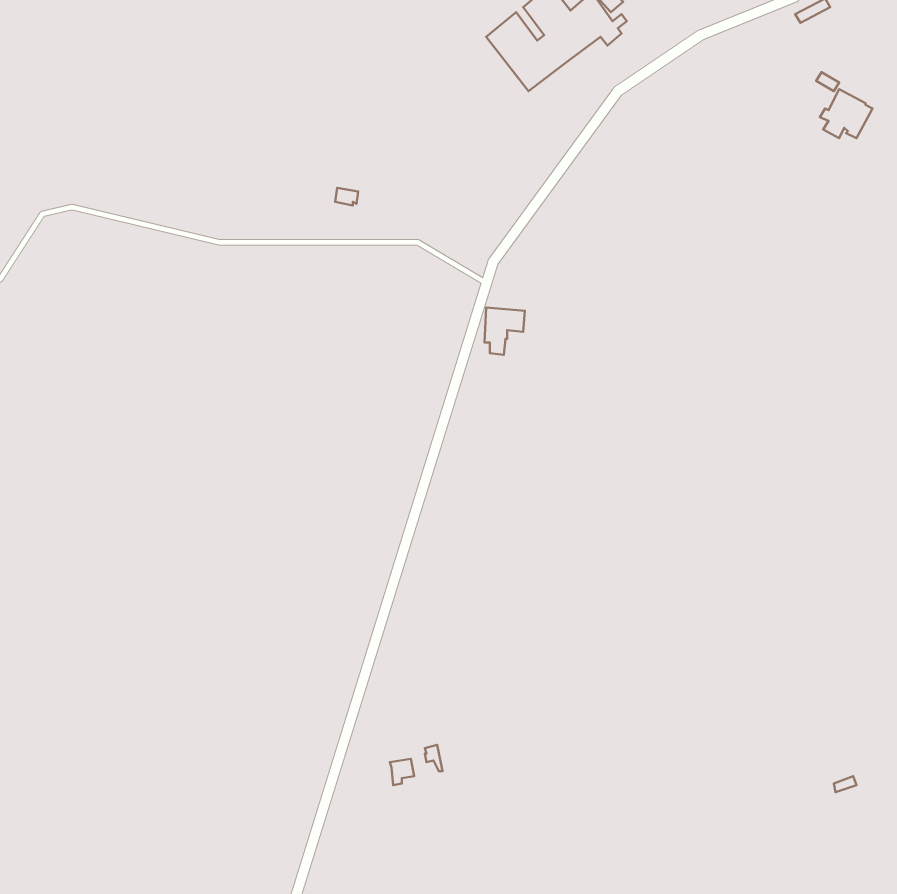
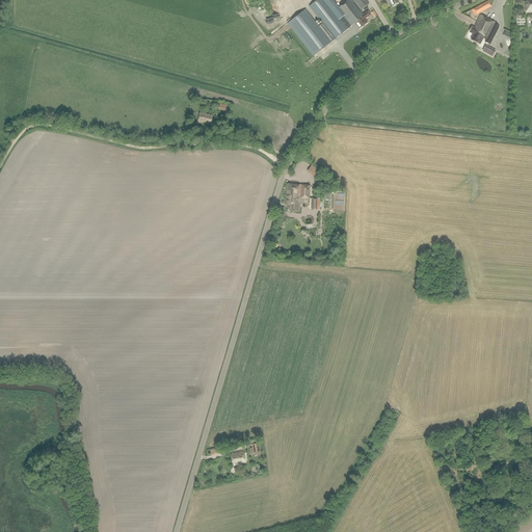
building: [820,89,872,138] -> [469,14,500,43]

